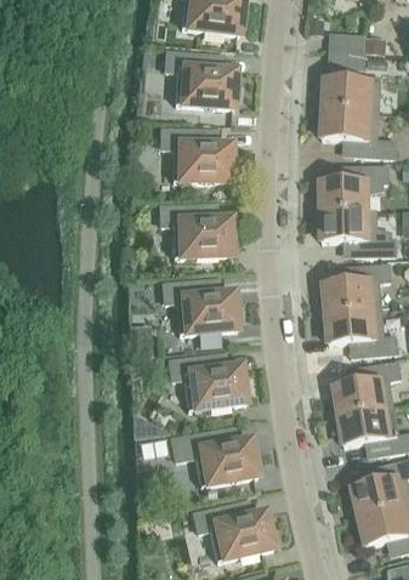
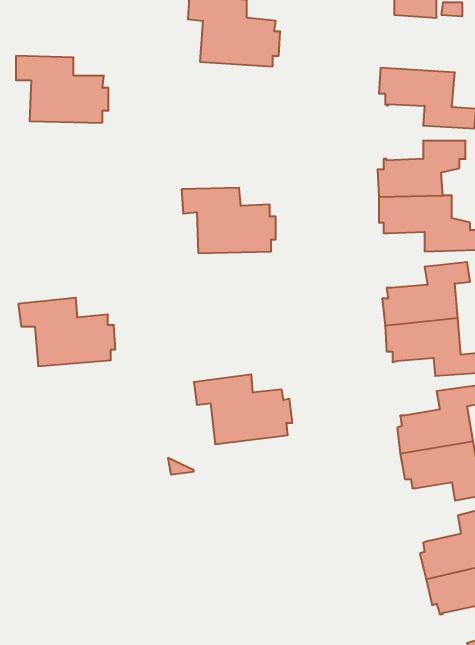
building: [319,80,380,113] -> none
building: [161,129,235,182] -> [16,56,109,123]
building: [163,279,240,334] -> [18,298,115,366]
building: [171,430,260,487] -> none
building: [193,502,275,561] -> none

